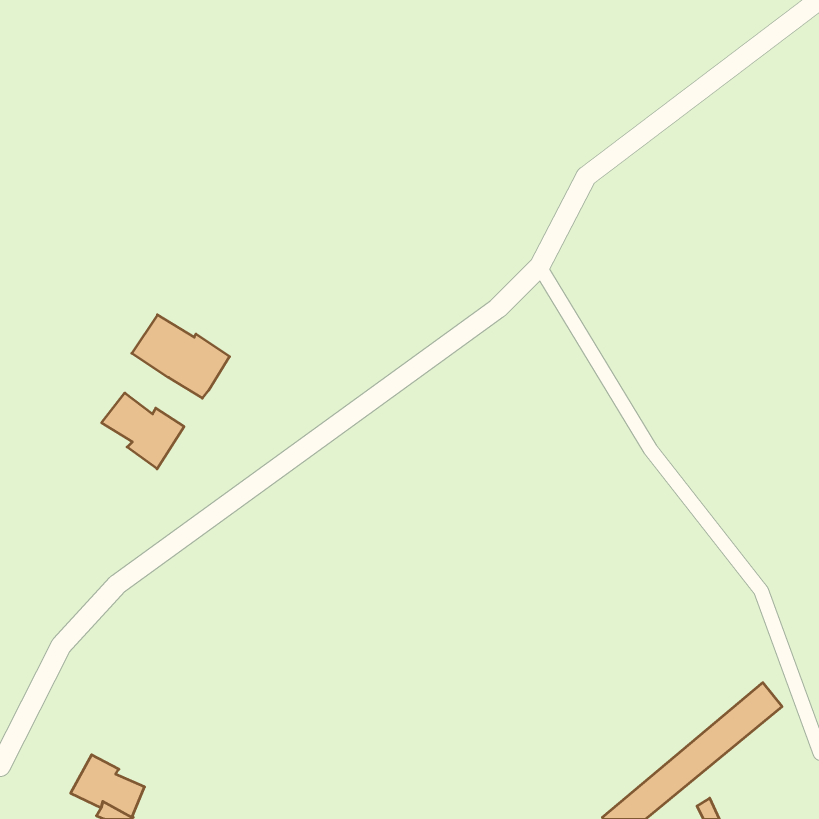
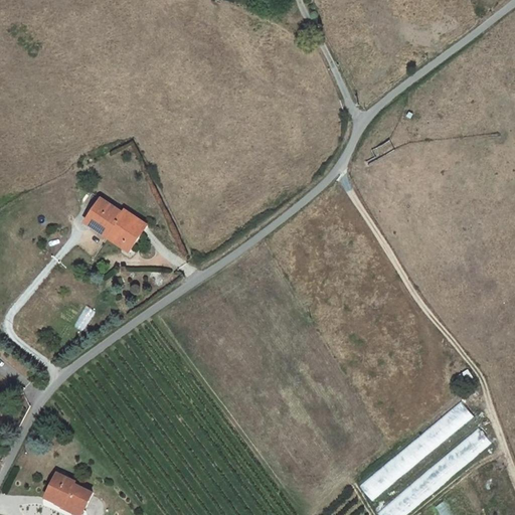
building: [102,393,184,469] -> none
building: none -> [362,400,474,499]

